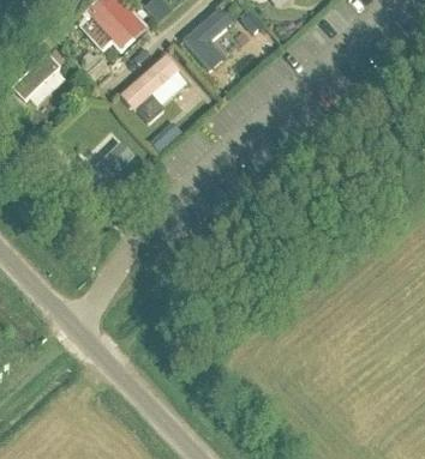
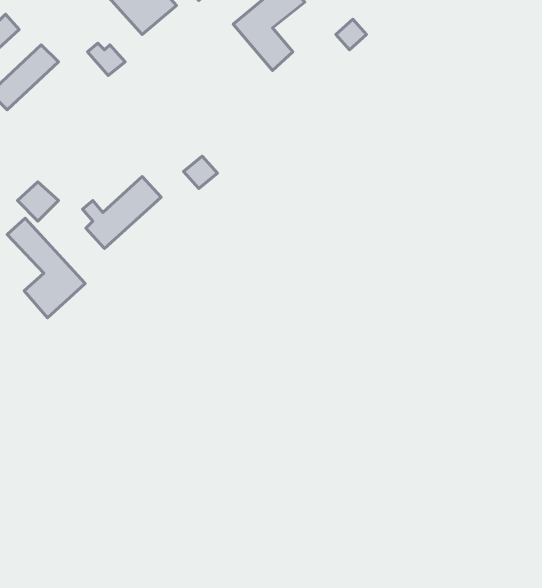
building: [120,54,179,122] -> none
building: none -> [7,218,85,318]

